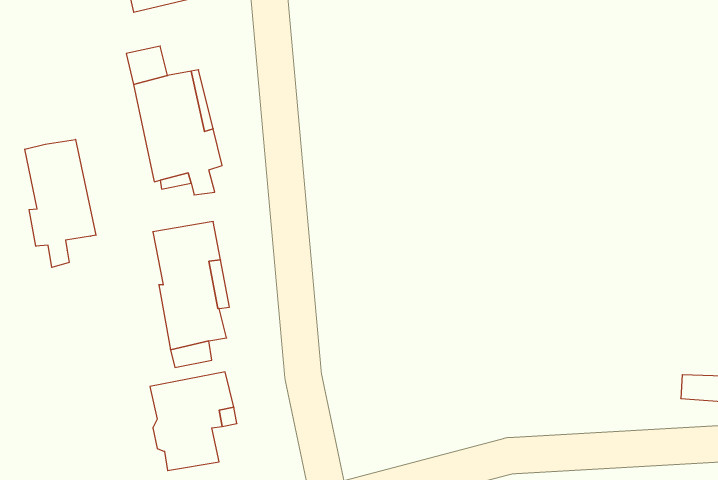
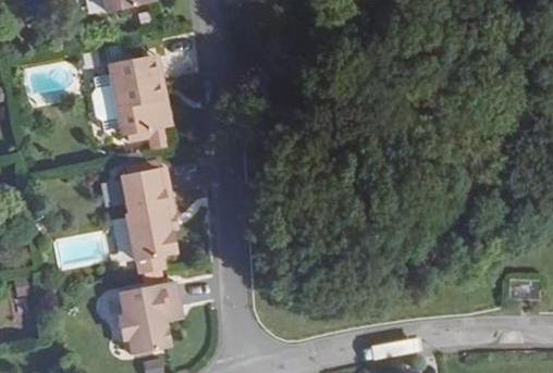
building: [25,139,96,267] -> none

